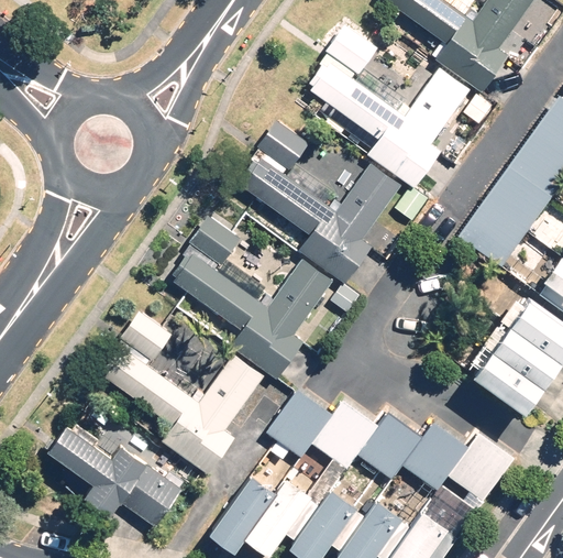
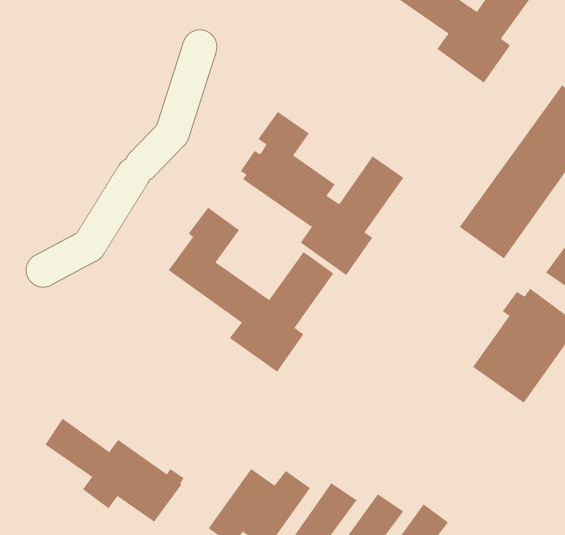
building: [308,25,471,189] -> none
building: [102,311,265,475] -> none
building: [266,389,516,503] -> none

